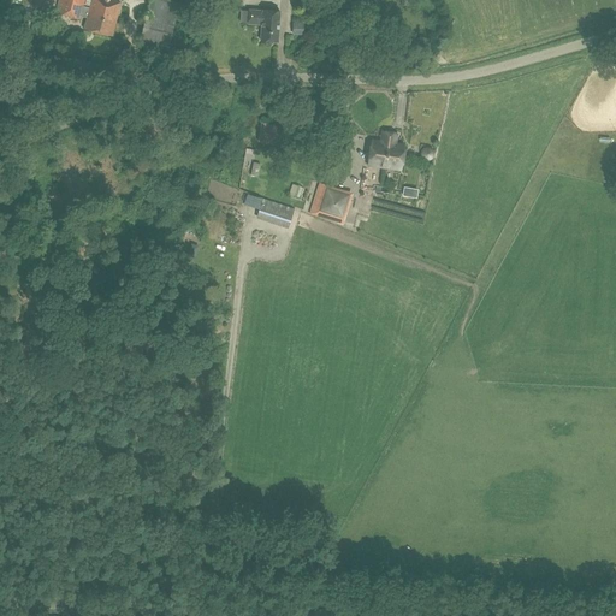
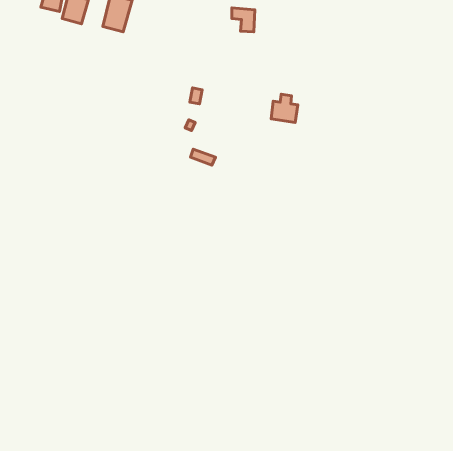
building: [248,6,279,38] -> [232,8,255,32]
building: [309,179,353,221] -> none

